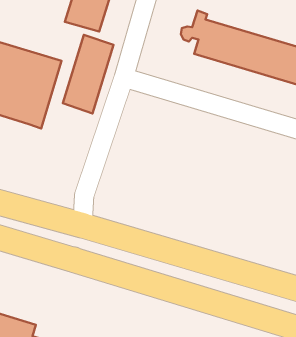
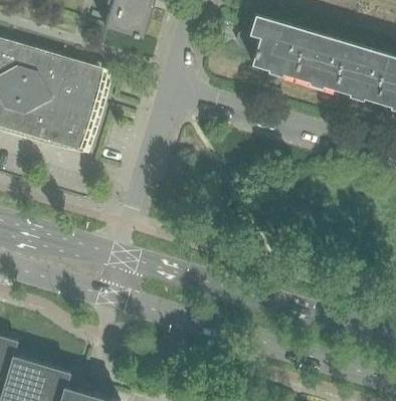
building: [63,35,113,113] -> none

